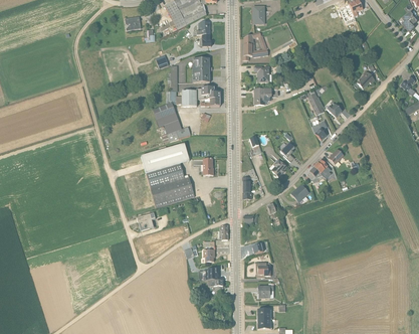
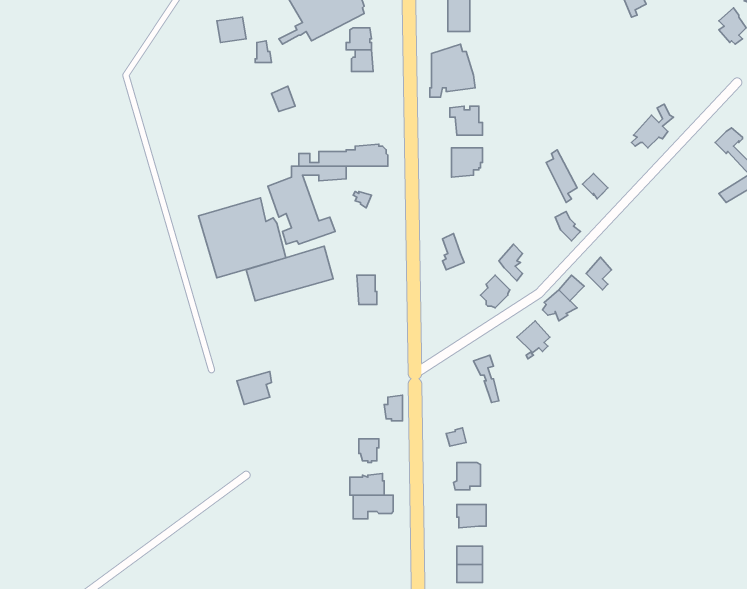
building: [192,57,212,81] -> none
building: [146,162,194,206] -> [199,198,286,278]

